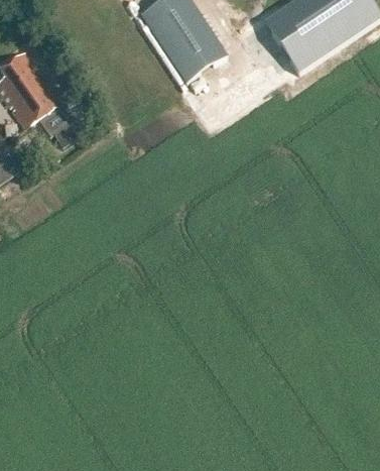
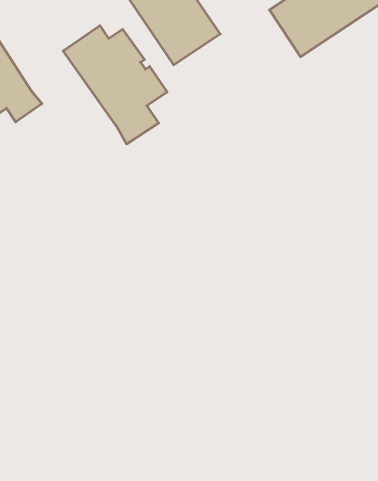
building: none -> [63,26,167,144]

